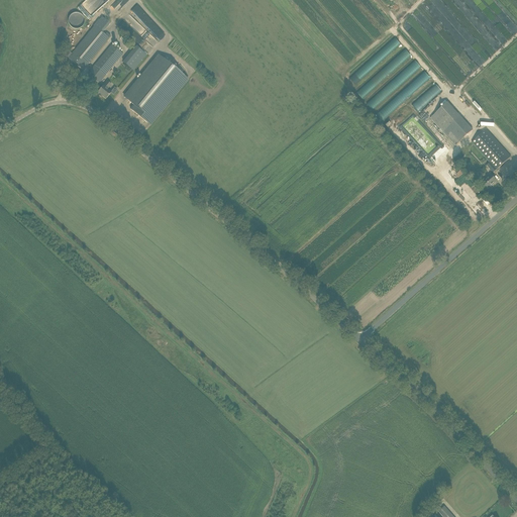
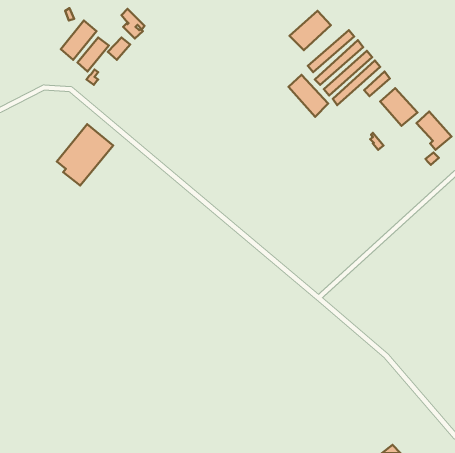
building: none -> [289,11,331,50]
building: [125,53,189,122] -> [57,124,113,186]
building: none -> [288,75,328,117]

